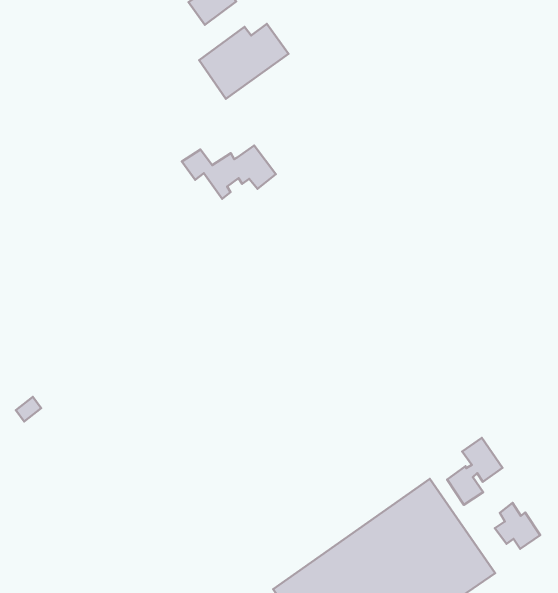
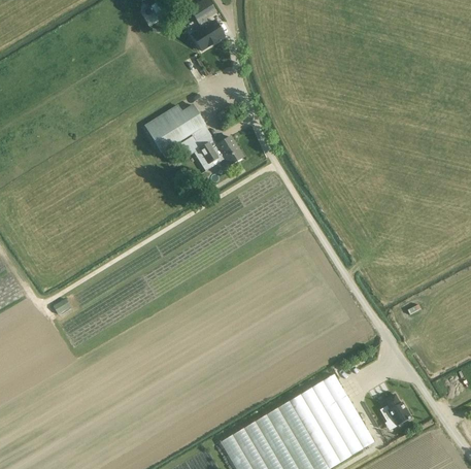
building: [199,24,289,99] -> [143,103,205,153]
building: [447,438,503,505] -> none

